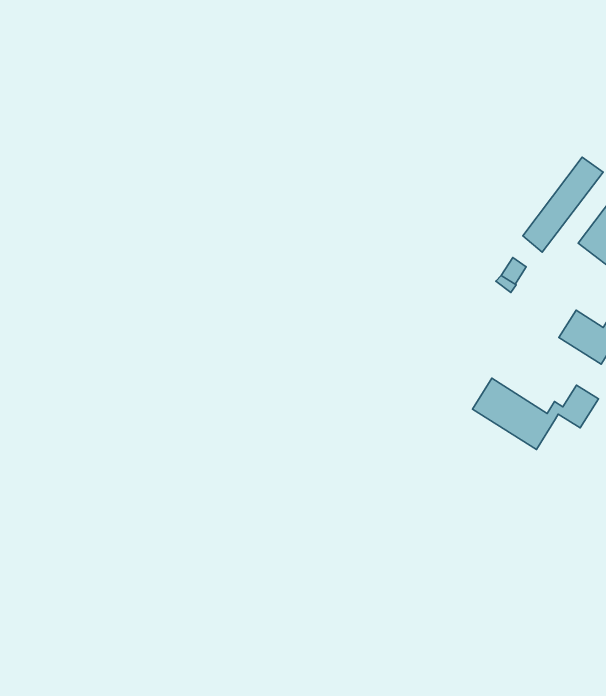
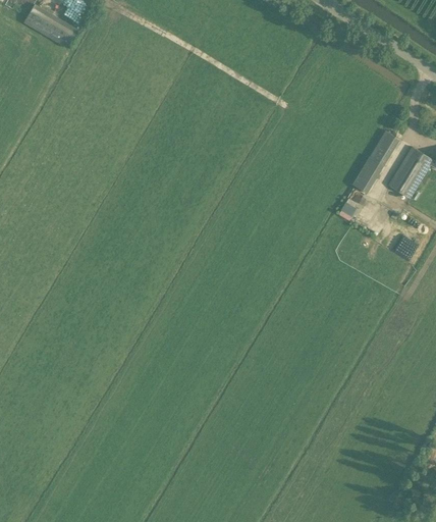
building: [473,378,599,450] -> none

